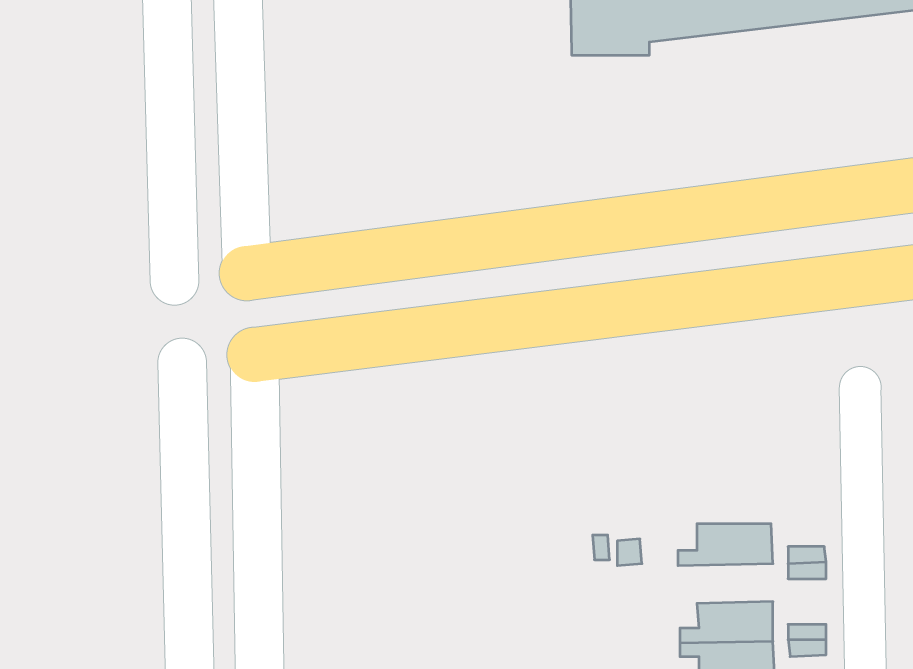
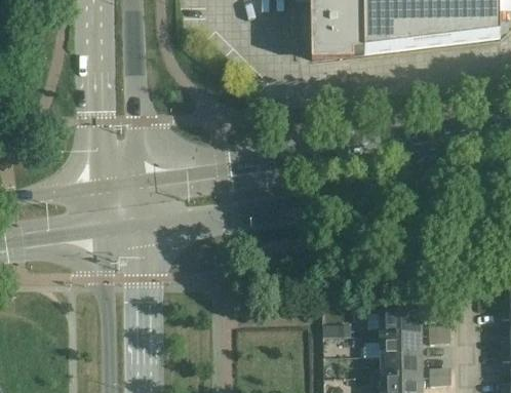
building: none -> [363,336,421,357]

